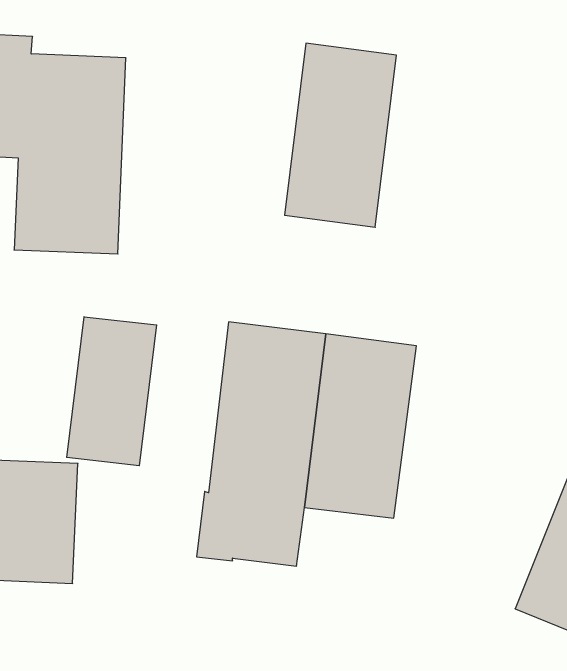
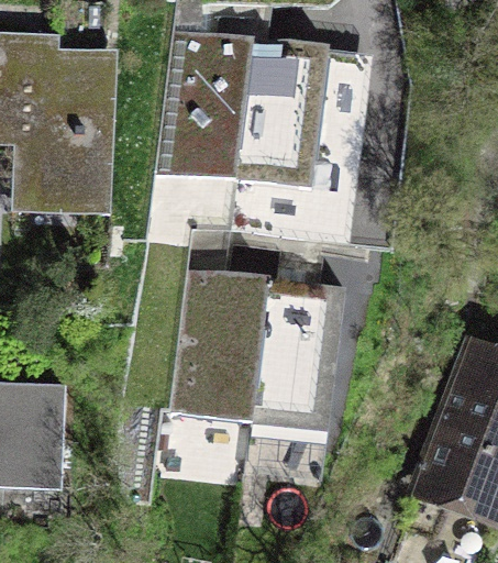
building: none -> [155,27,253,229]
building: [67,317,157,466] -> none

